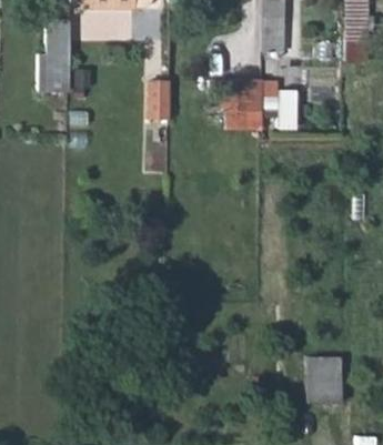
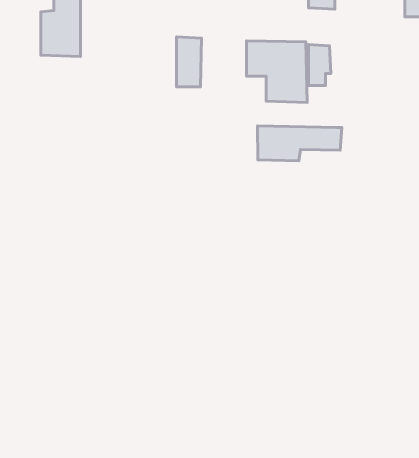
building: none -> [257,126,342,161]
building: [308,355,342,401] -> none

